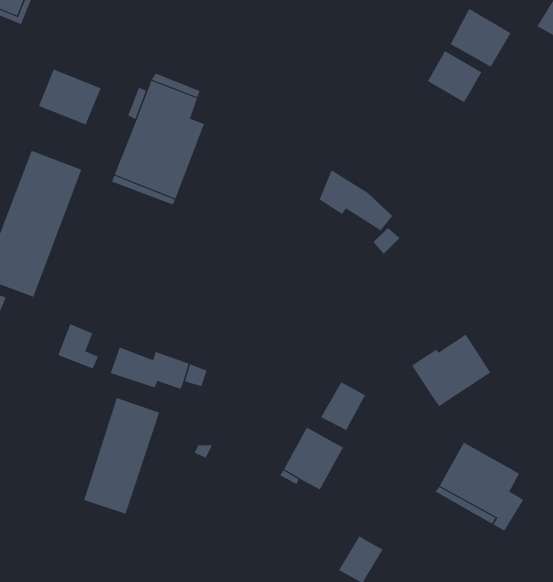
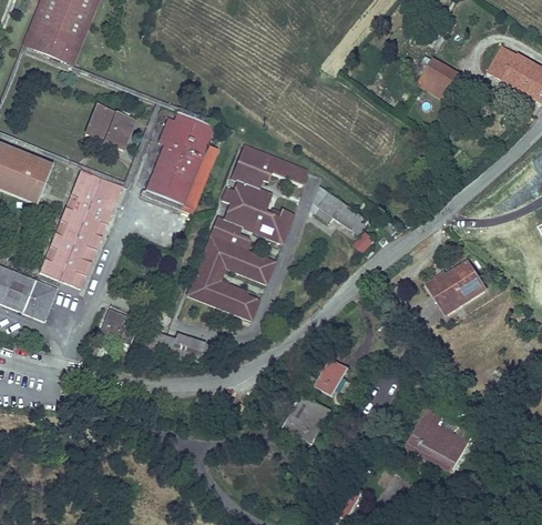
building: [427,50,482,103] -> none
building: none -> [190,145,306,320]
building: [411,334,491,407] -> [423,258,488,316]
building: [83,397,160,515] -> none

